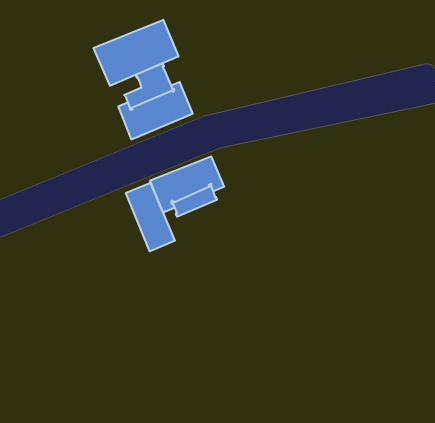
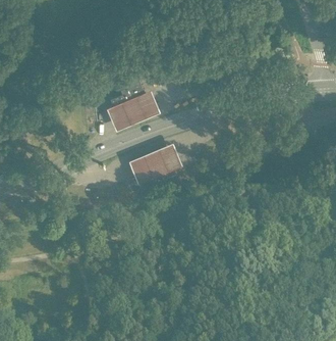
building: [94,20,178,86] -> none
building: [126,183,175,251] -> none

